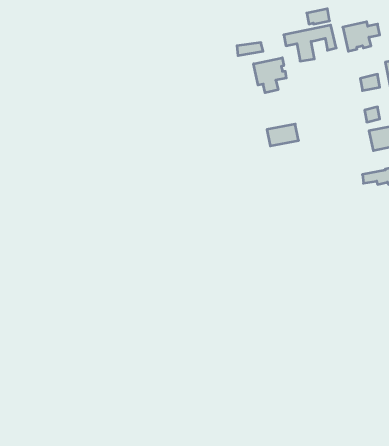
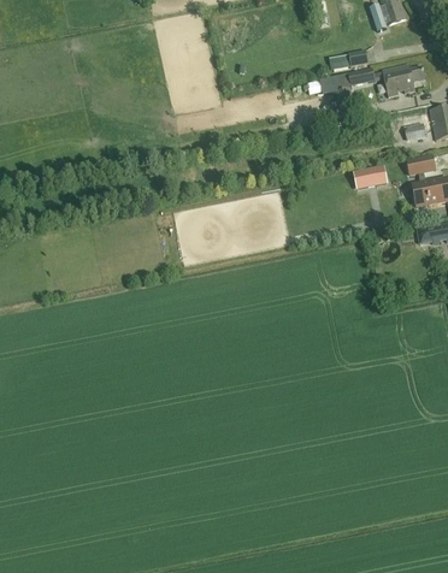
building: [254,58,286,93] -> none
building: [267,124,299,146] -> [352,166,387,190]

